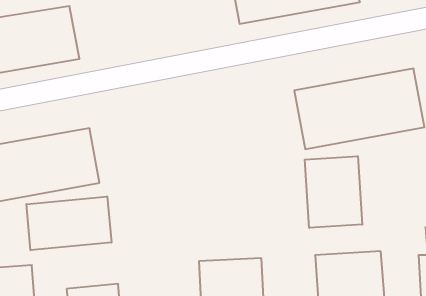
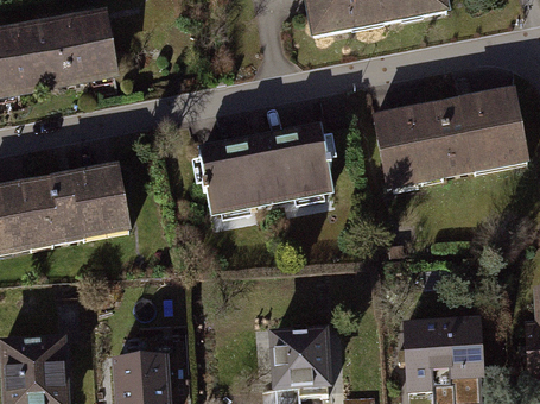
building: none -> [207,124,332,216]
building: [305,156,362,228] -> none
building: [26,196,111,250] -> none

